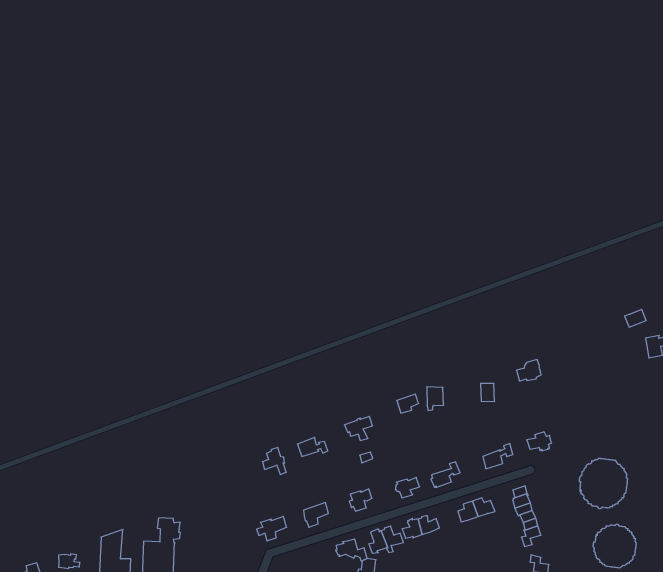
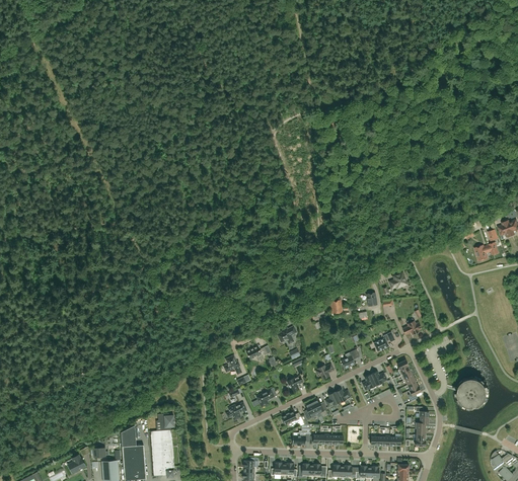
building: [579,458,628,509] -> none

